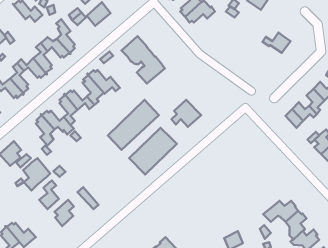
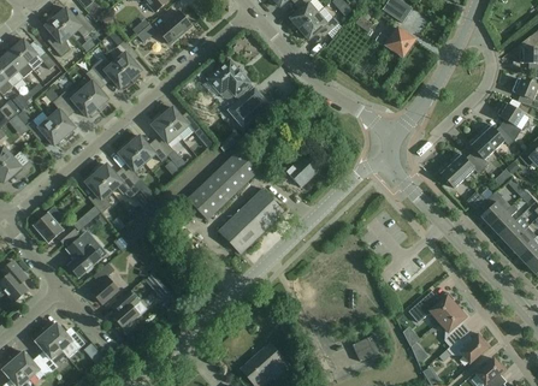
building: none -> [46,12,71,57]
building: [262,33,290,53] -> [376,26,415,55]

